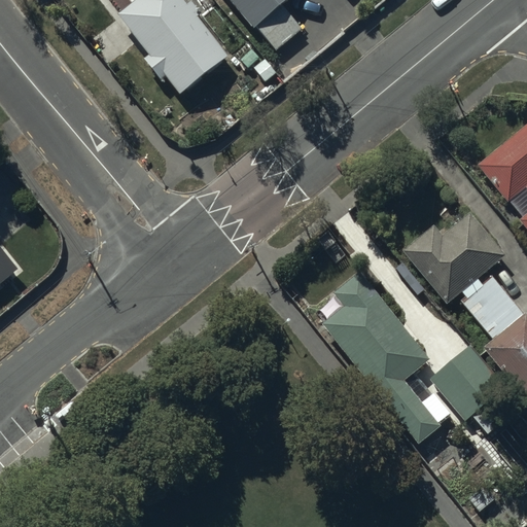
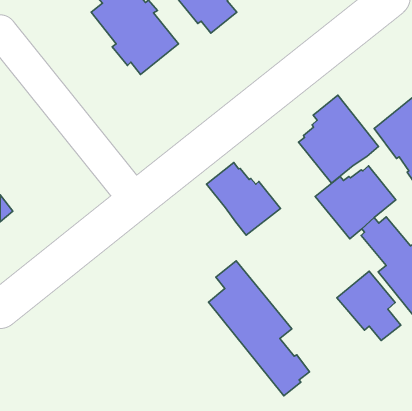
building: none -> [298,95,379,183]
building: none -> [207,162,280,235]
building: [323,272,452,444] -> [209,261,310,396]

